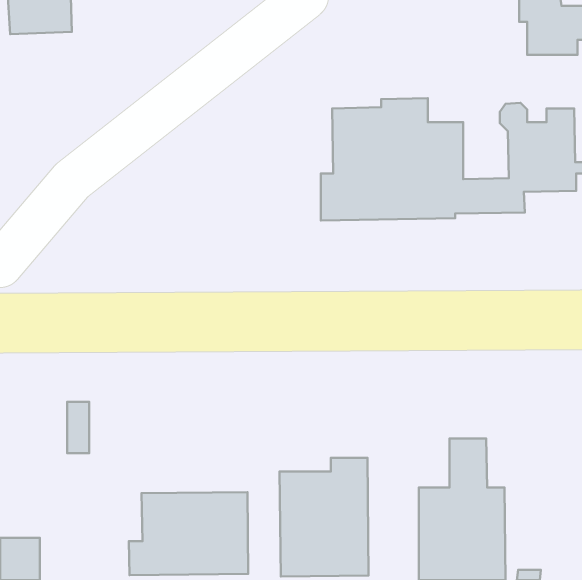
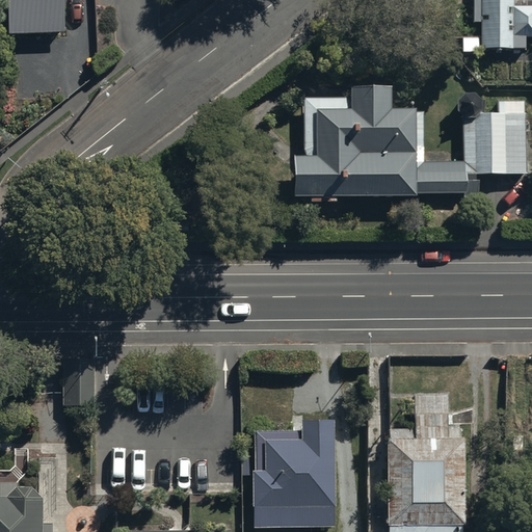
building: [129,492,248,575] -> none

